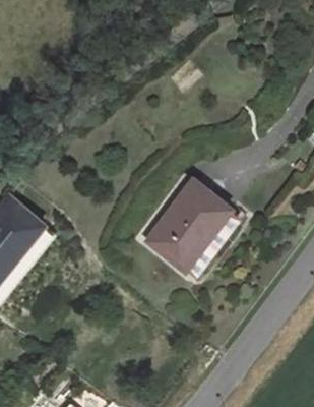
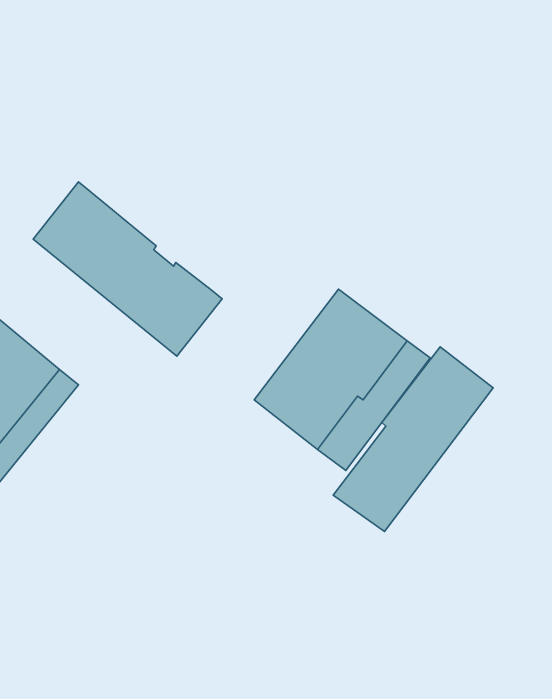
building: none -> [33,182,222,356]
building: none -> [333,347,493,531]

